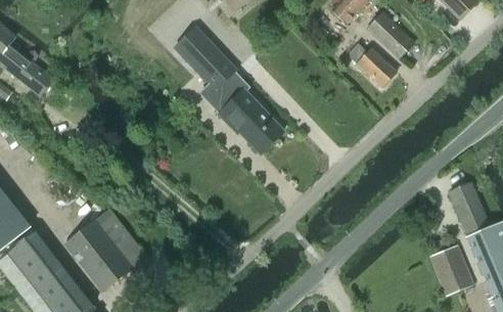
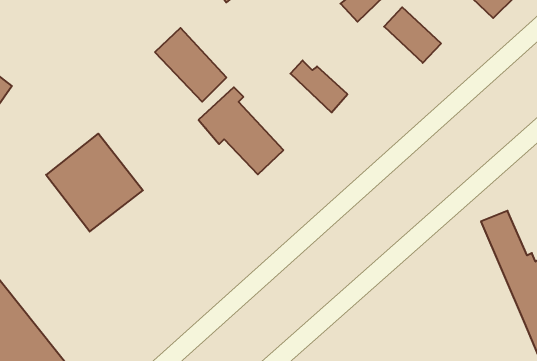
building: [348,41,396,85] -> [290,60,347,112]
building: [65,209,147,292] -> [46,134,143,232]
building: [430,246,472,295] -> none

